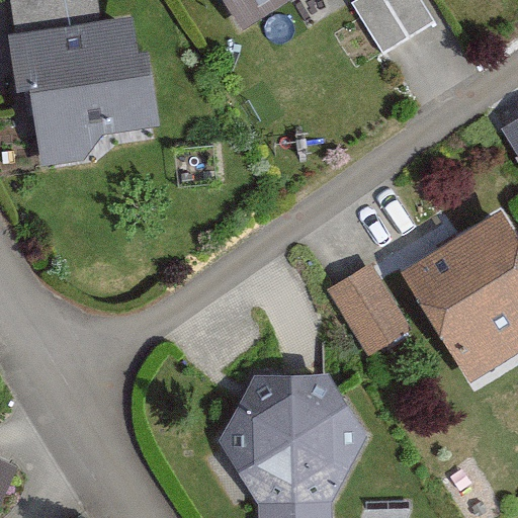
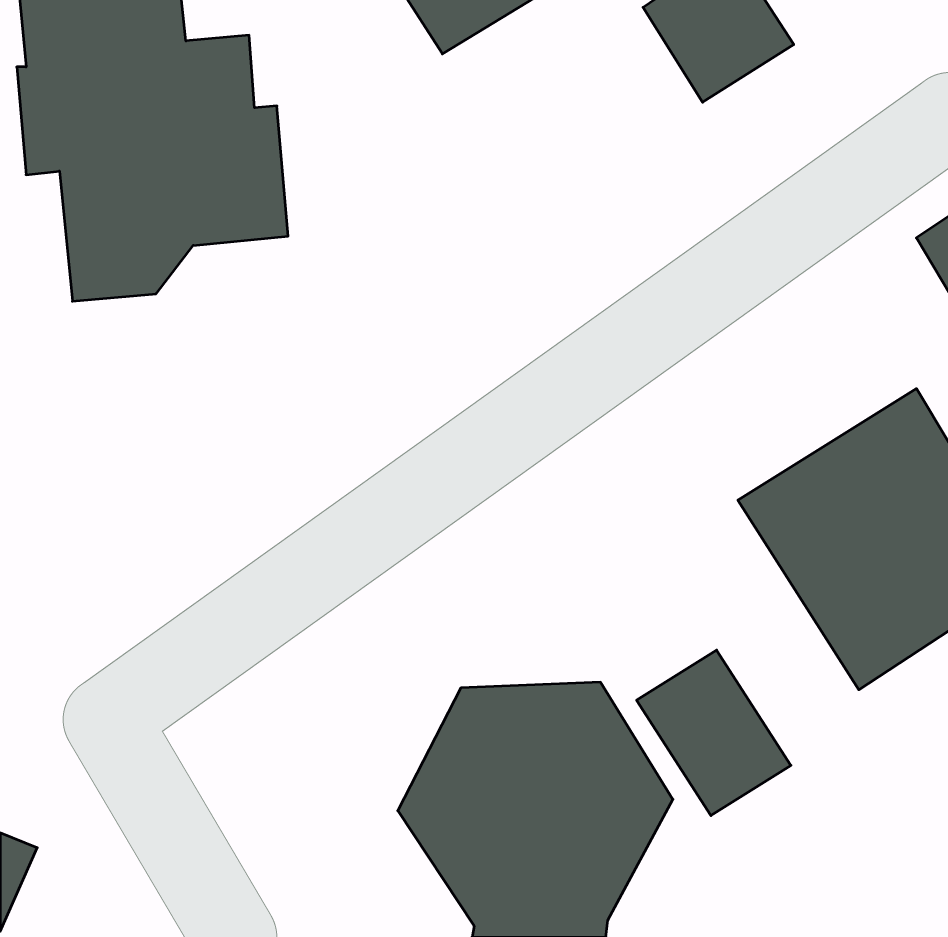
building: [324,265,408,355] -> [637,650,791,816]

